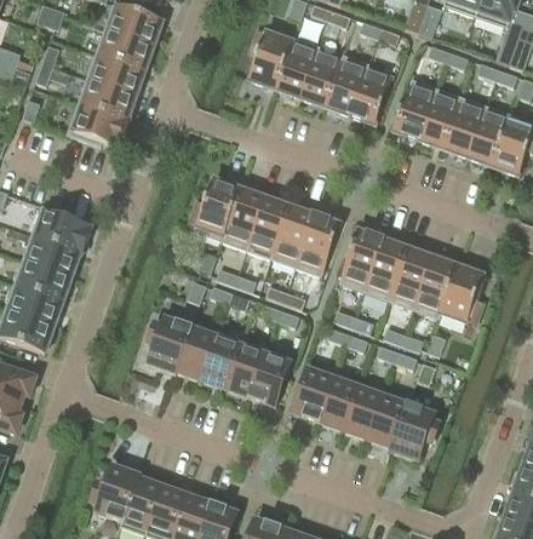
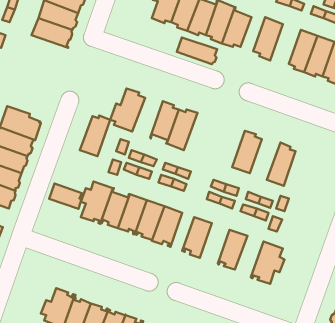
building: [418,87,462,145] -> none
building: [67,103,128,145] -> none
building: none -> [177,38,217,64]
building: [220,191,264,250] -> [80,115,110,156]
building: [294,214,338,276] -> none
building: [338,234,382,292] -> none
building: [389,251,432,310] -> none
building: [437,269,483,325] -> none
building: none -> [49,183,82,209]
building: [317,372,360,430] -> none
building: [367,390,408,449] -> none

